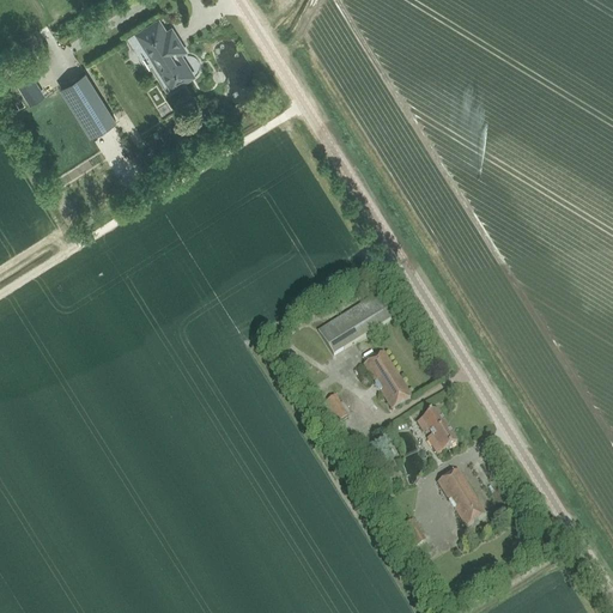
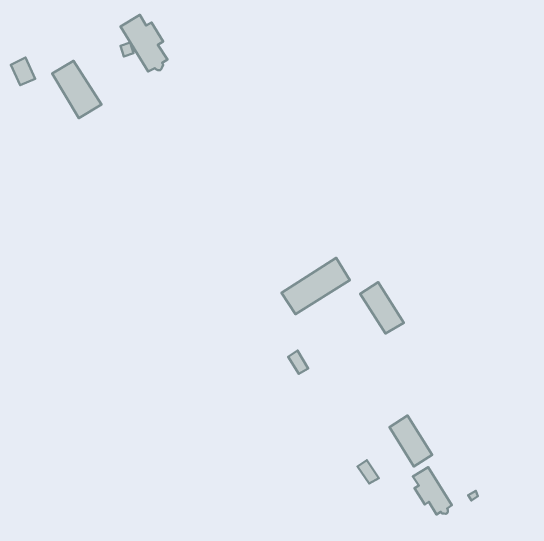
building: [362,350,411,407] -> [360,282,404,333]
building: [415,407,456,451] -> none
building: none -> [413,467,452,515]

